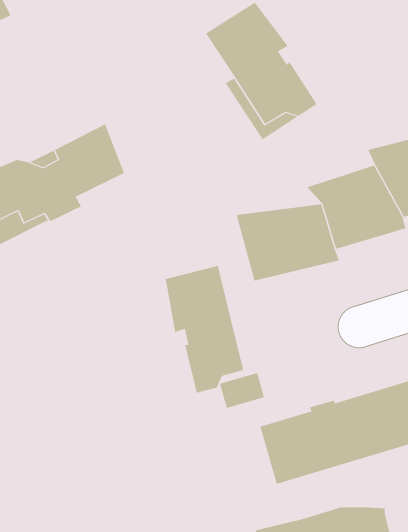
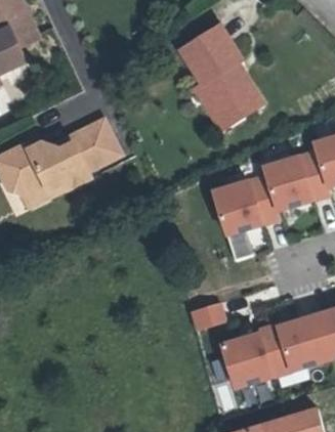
building: [165,265,244,393] -> none

